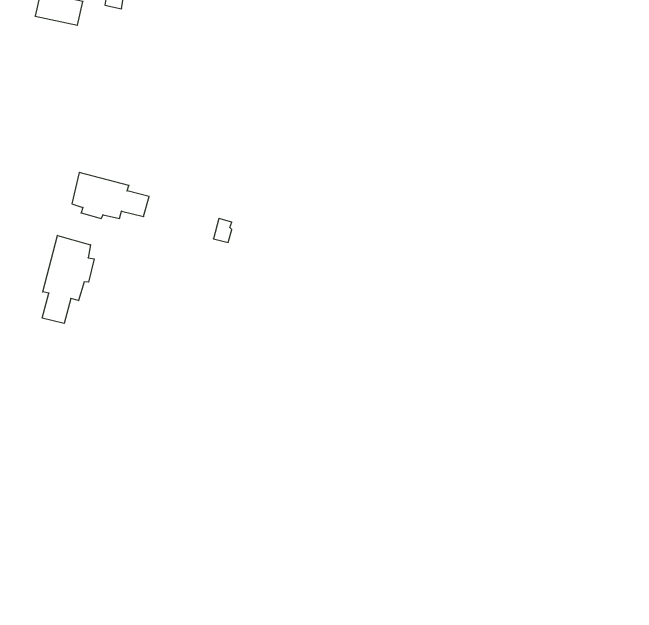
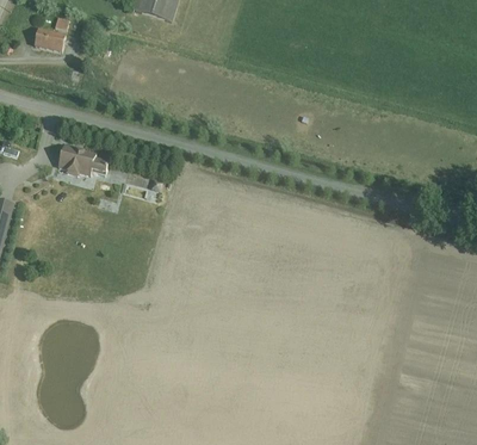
building: [42,235,94,323] -> none

